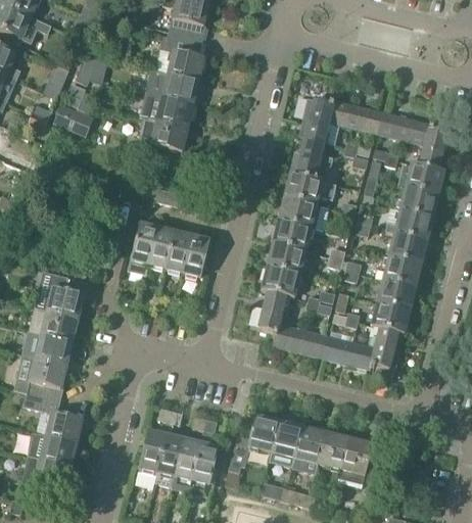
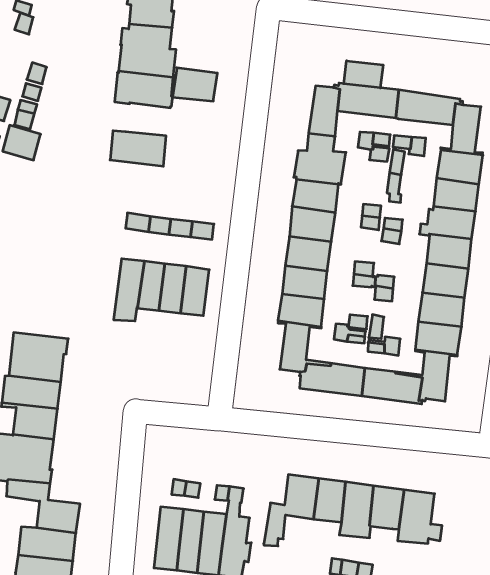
building: none -> [344,61,383,88]
building: [155,96,194,127] -> [173,68,217,101]

